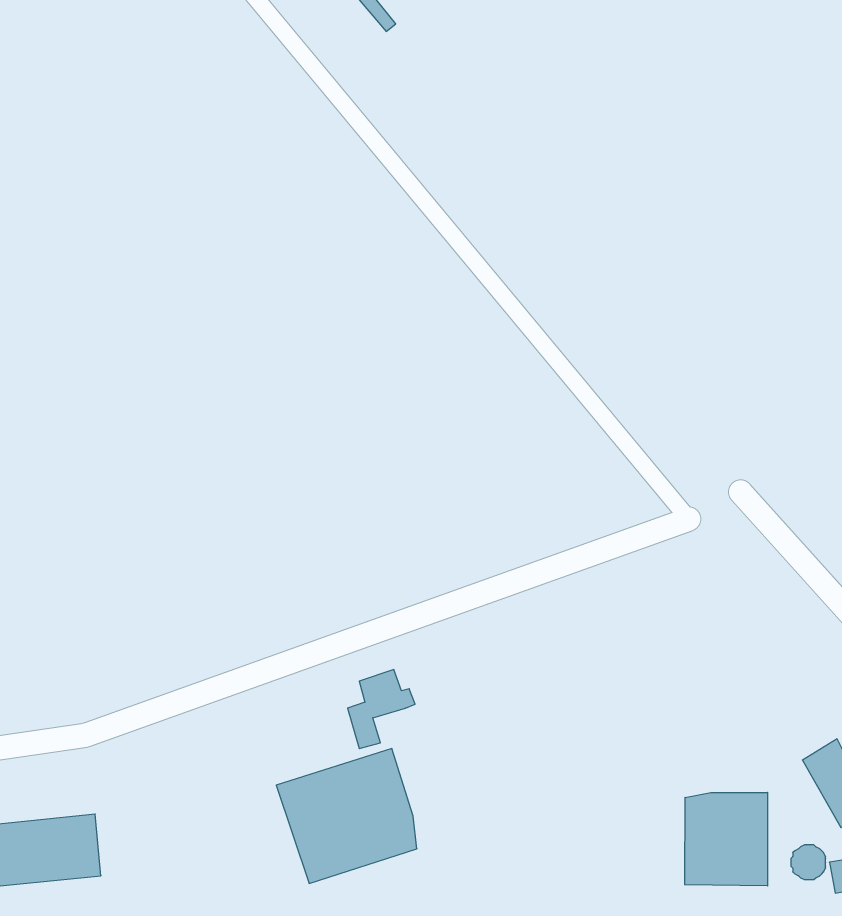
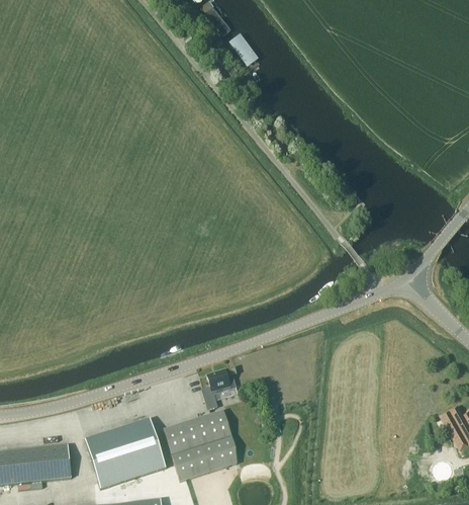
building: none -> [227,33,258,68]
building: none -> [86,418,166,488]
building: [685,792,768,886] -> none

